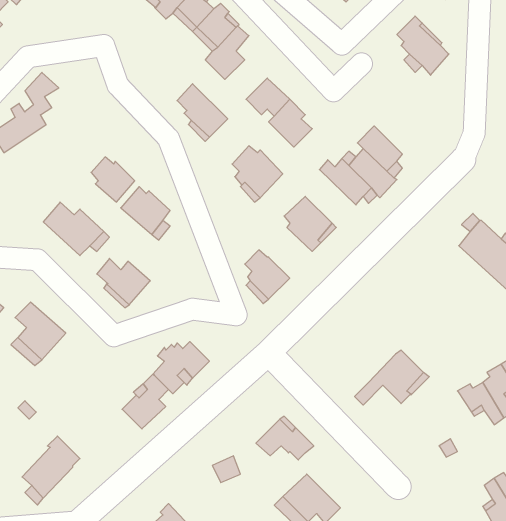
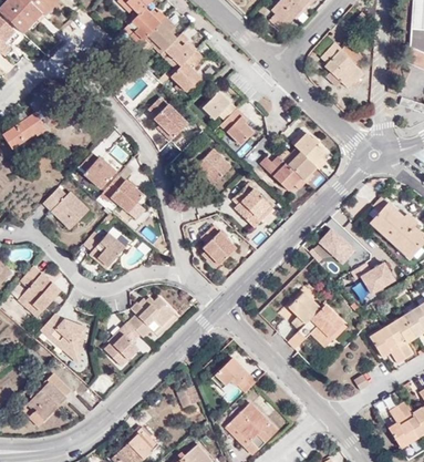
building: none -> [317,228,354,265]
building: none -> [360,261,395,295]
building: none -> [288,291,320,330]
building: none -> [41,312,86,362]

